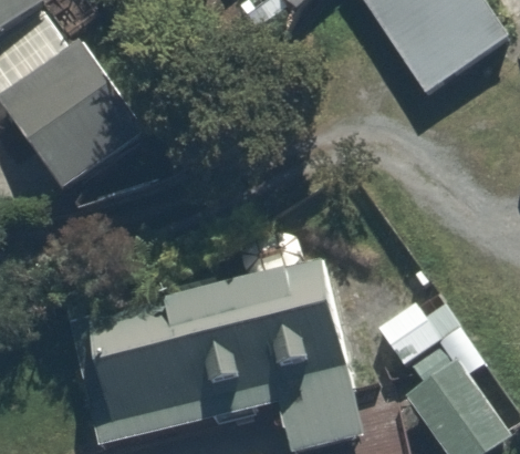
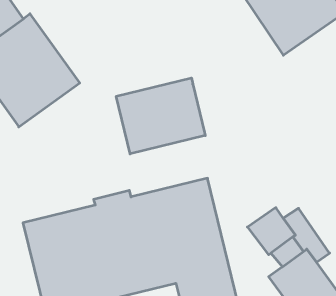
building: none -> [116,78,205,154]

